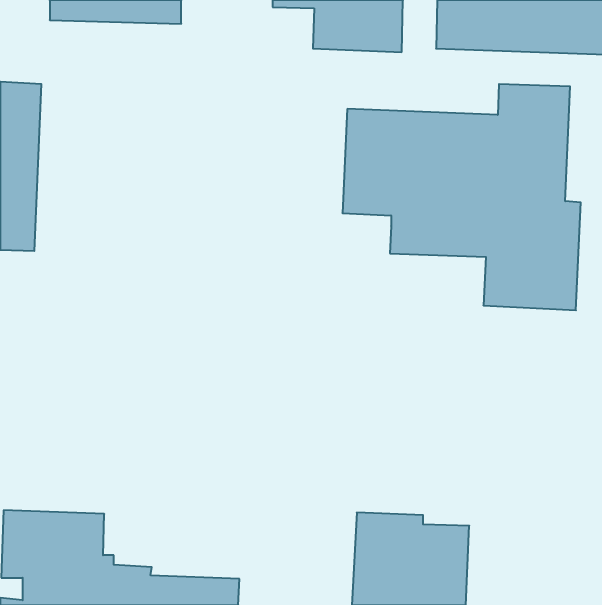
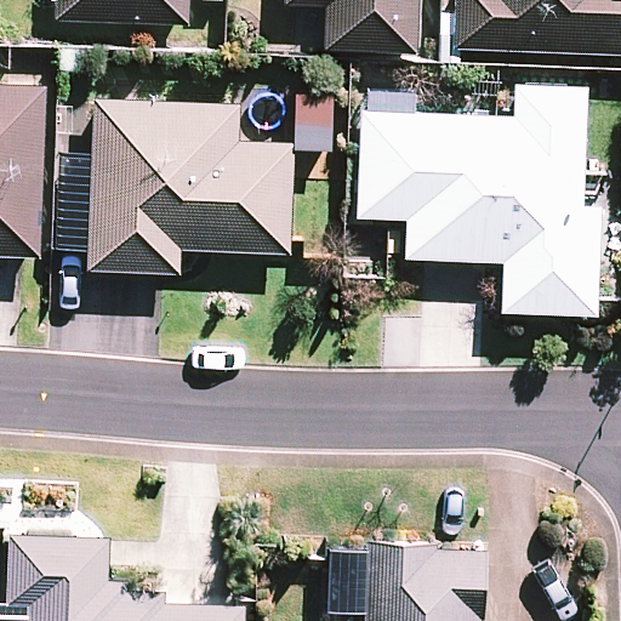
building: none -> [86,99,292,274]

